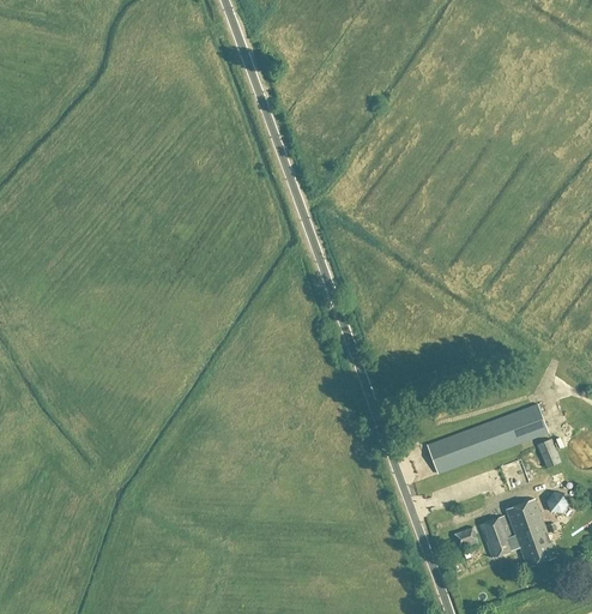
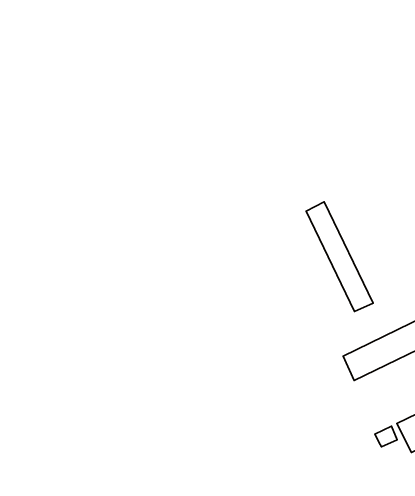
building: none -> [306,202,373,312]

